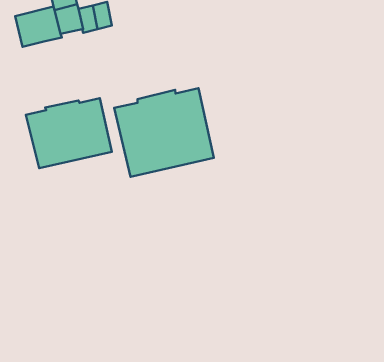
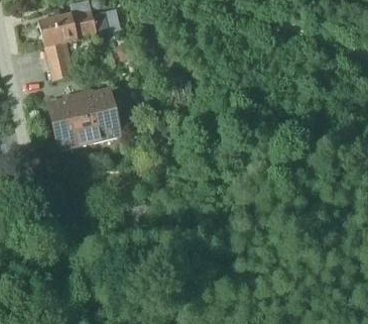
building: none -> [44,39,71,75]
building: [114,88,214,177] -> none

